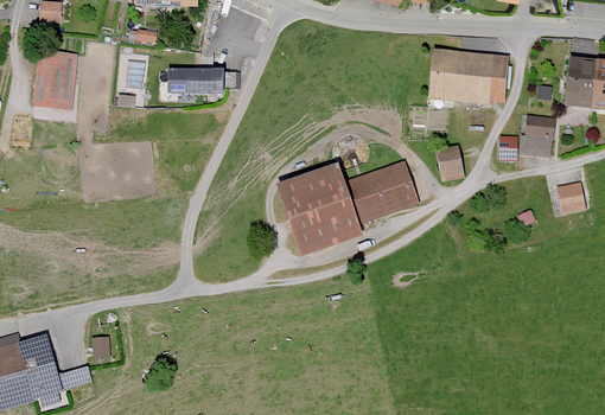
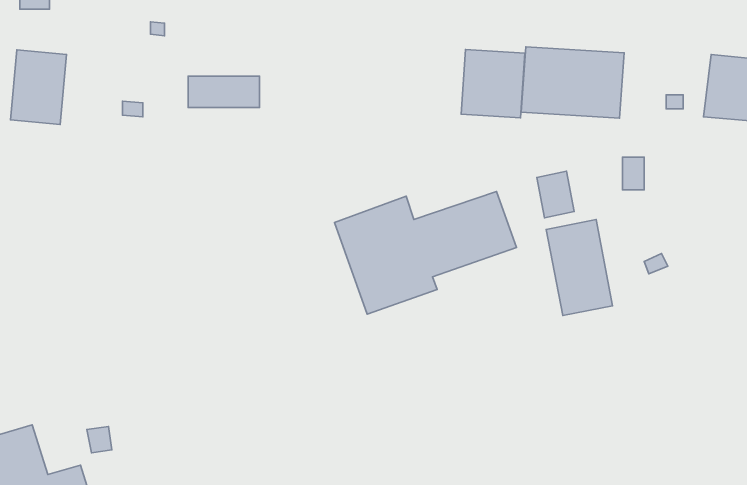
building: none -> [461,50,525,118]
building: [521,113,554,154] -> none
building: [556,181,585,210] -> none
building: none -> [546,220,613,316]

